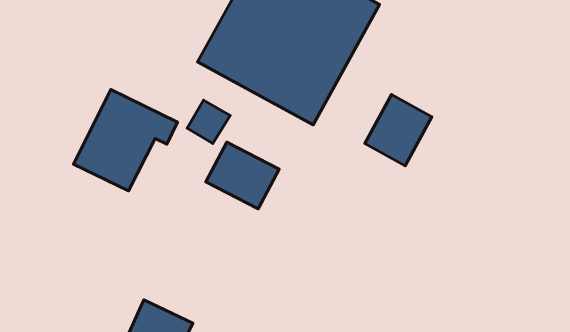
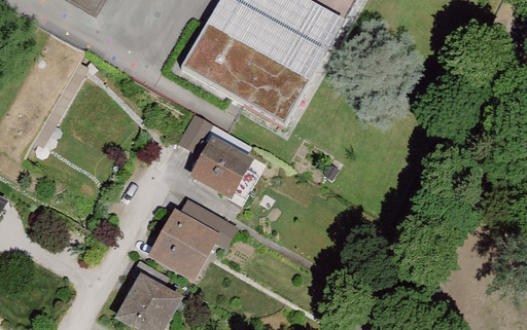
building: [74,89,177,191] -> [150,192,242,282]
building: [365,94,432,166] -> none

